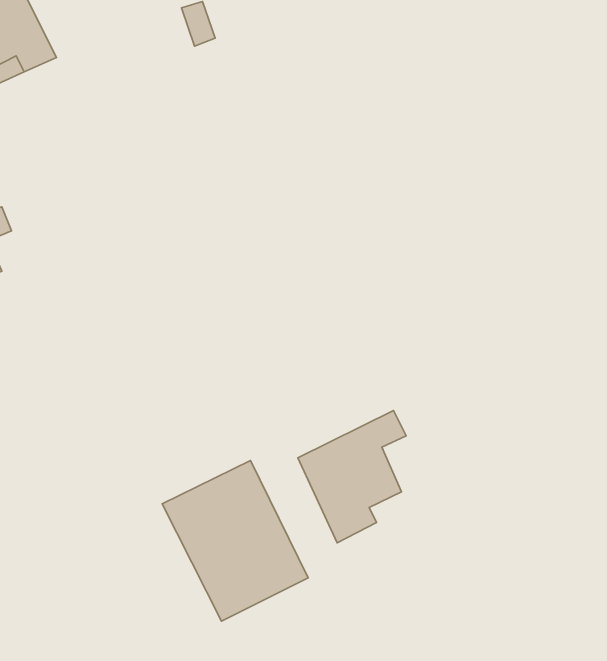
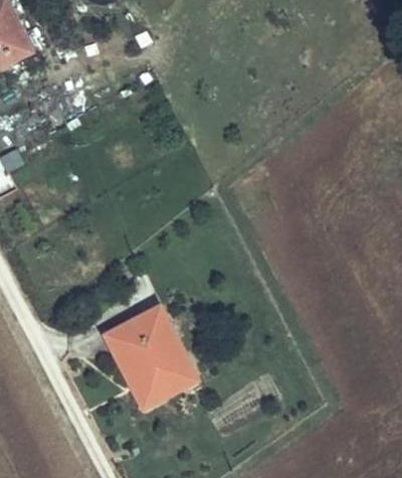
building: [298,411,406,543] -> none

